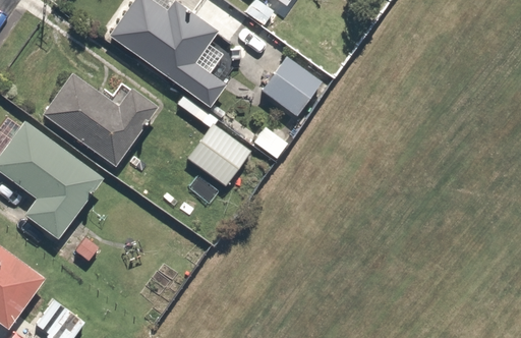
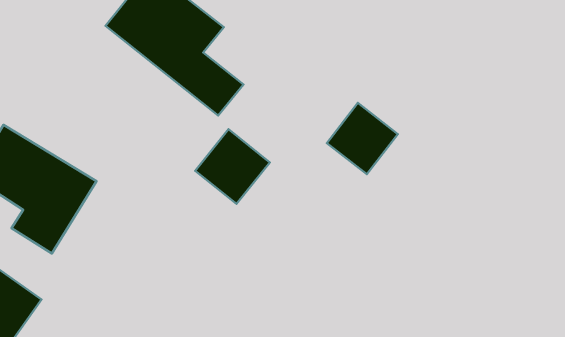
building: [259,55,323,118] -> [327,103,398,174]
building: [39,66,158,167] -> none

